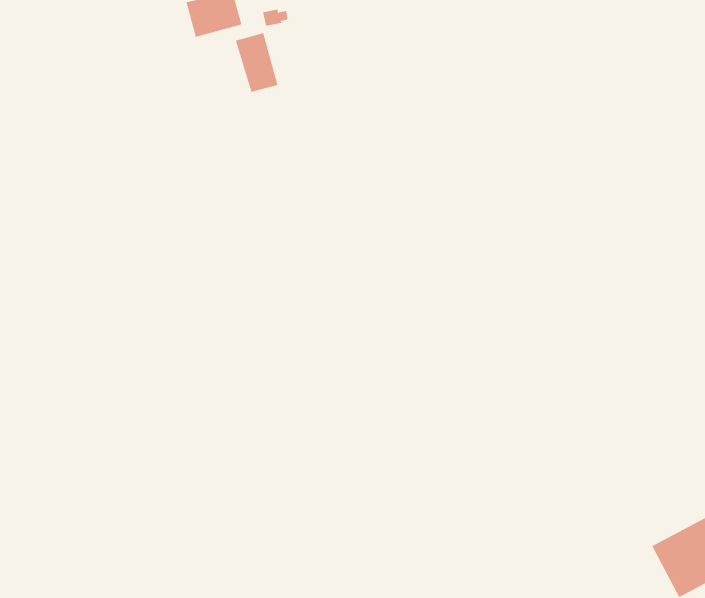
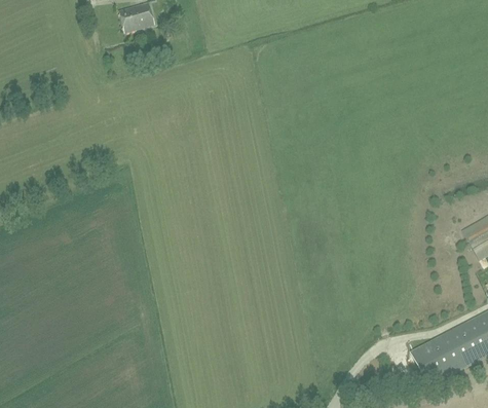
building: [235,32,279,93] -> none

